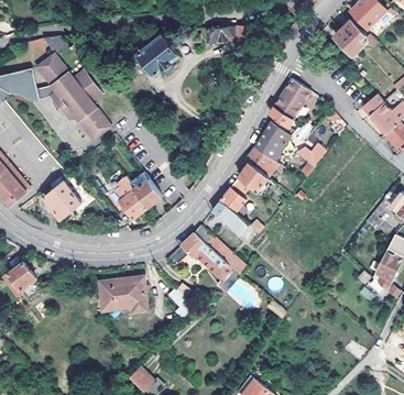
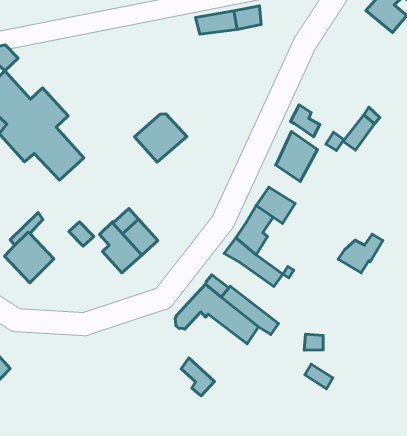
building: [139,37,178,74] -> [135,114,187,162]
building: [277,79,308,119] -> none
building: [288,145,324,174] -> [338,234,383,273]
building: [244,146,277,177] -> none
building: [99,276,148,311] -> none

